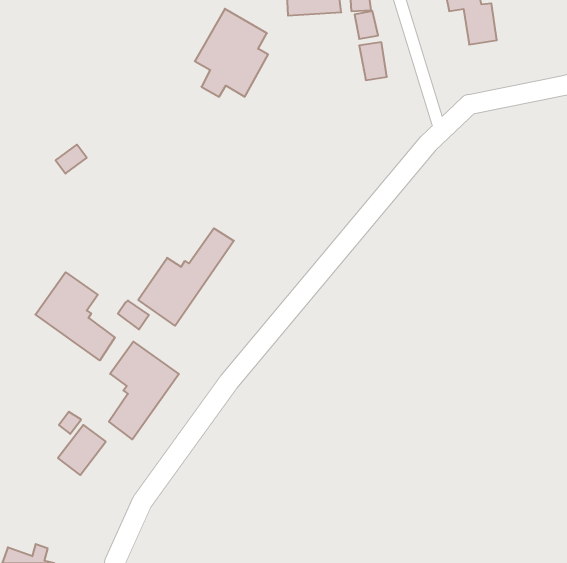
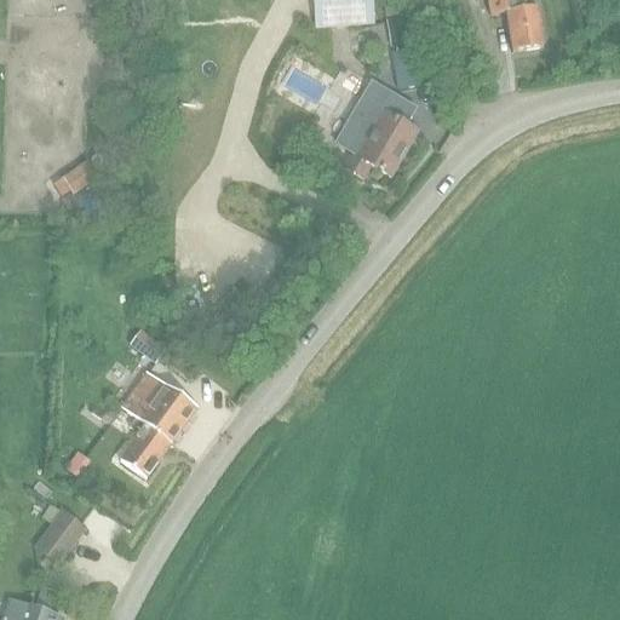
building: [195,9,268,97] -> [337,79,417,174]
building: [138,228,234,326] -> none
building: [35,272,115,360] -> none
building: [58,425,106,475] -> [35,509,87,563]

